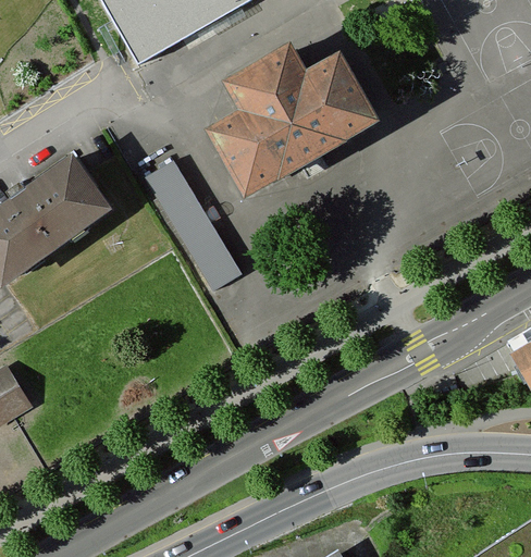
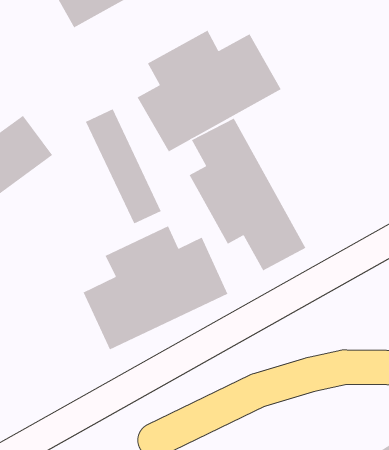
building: none -> [188,117,307,272]
building: none -> [83,225,228,351]

